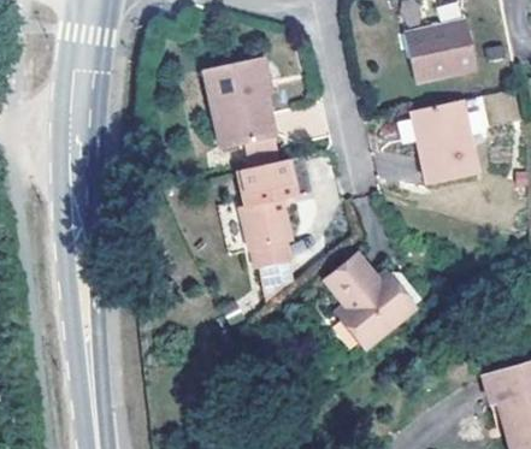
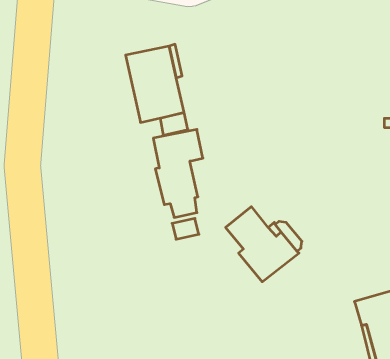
building: [406,16,476,81] -> none
building: [412,99,479,183] -> none

